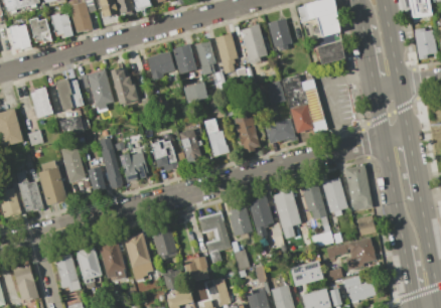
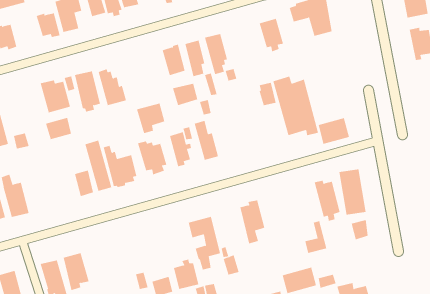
building: [30,18,53,43] -> none
building: [241,24,267,64] -> none
building: [315,39,343,64] -> none
building: [147,51,175,82] -> [136,103,165,134]
building: [31,87,53,118] -> none
building: [234,113,261,154] -> none
building: [265,118,296,144] -> [318,118,350,144]
building: [60,145,87,183] -> none
building: [38,161,68,205] -> none
building: [302,184,327,219] -> none
building: [274,190,301,239] -> none
building: [229,206,253,236] -> none
building: [151,222,178,260] -> none
building: [124,233,151,272] -> none
building: [326,237,377,271] -> none
building: [99,240,126,279] -> none

